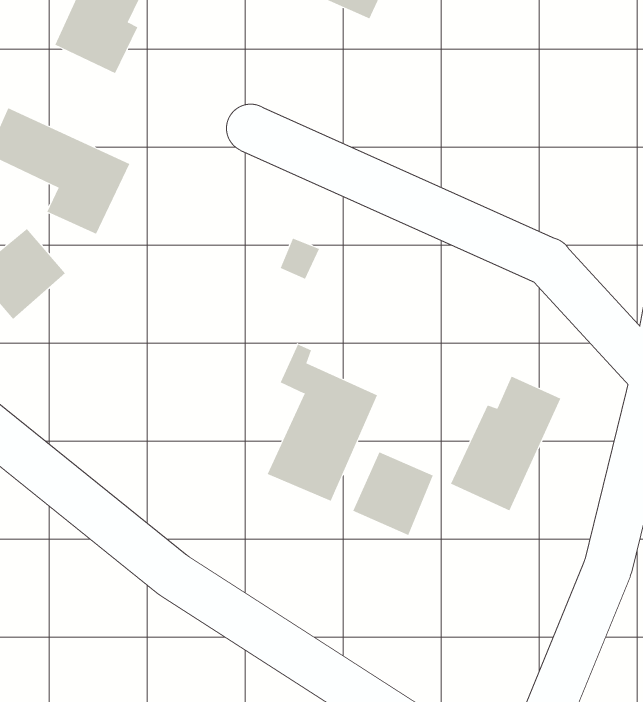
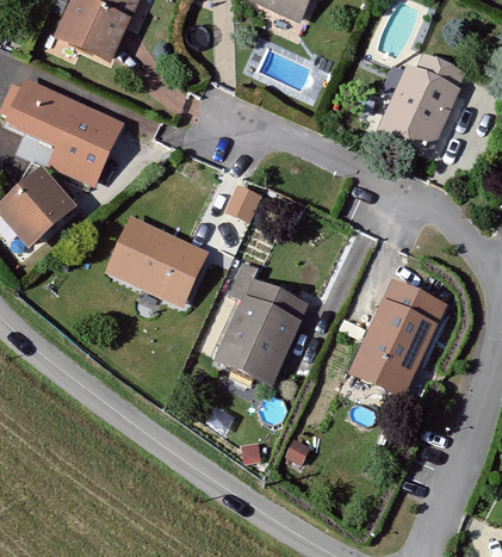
building: none -> [385,66,454,142]
building: none -> [112,221,202,297]
building: [352,451,433,536] -> none

